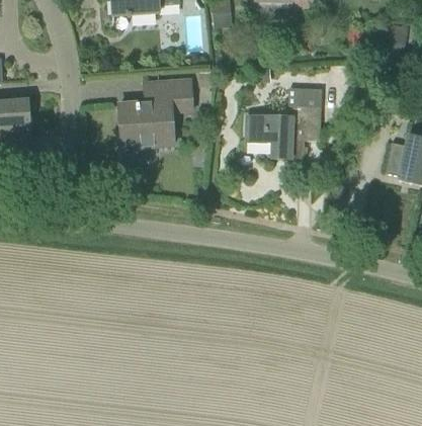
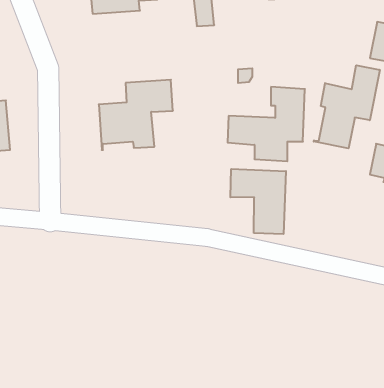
building: none -> [314,65,380,148]
building: none -> [230,169,286,234]

